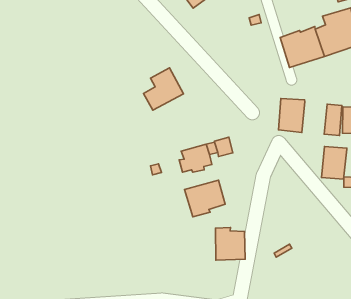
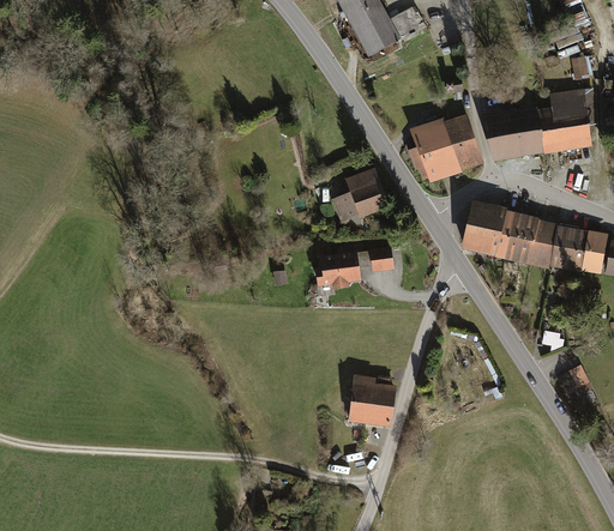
building: none -> [409,116,482,182]
building: [144,68,183,110] -> [332,168,389,224]
building: [321,147,347,179] -> [495,212,537,263]
building: [185,180,225,217] -> none

